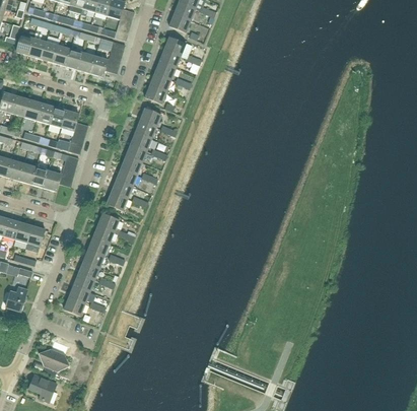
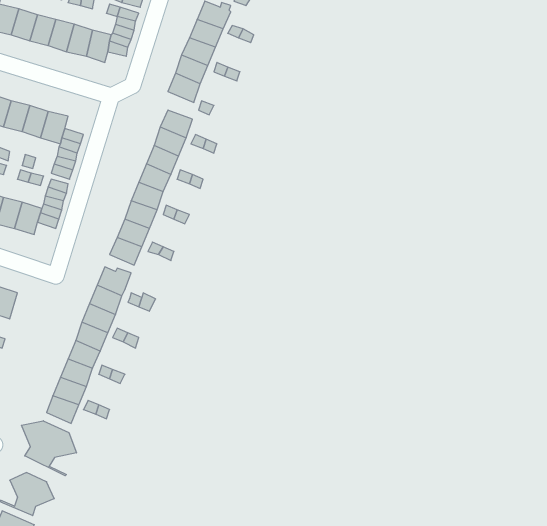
building: none -> [21,421,76,476]

